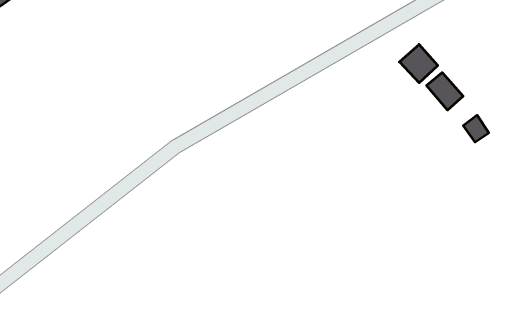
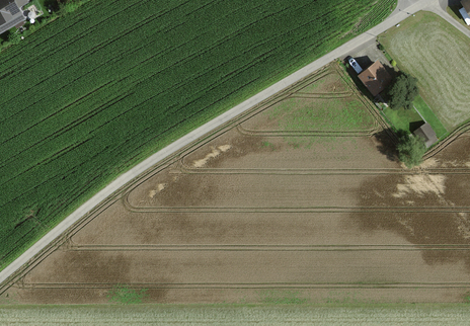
building: [427,73,463,110] -> none

